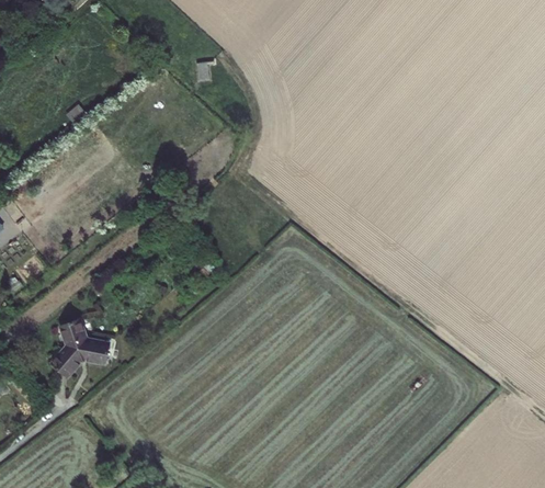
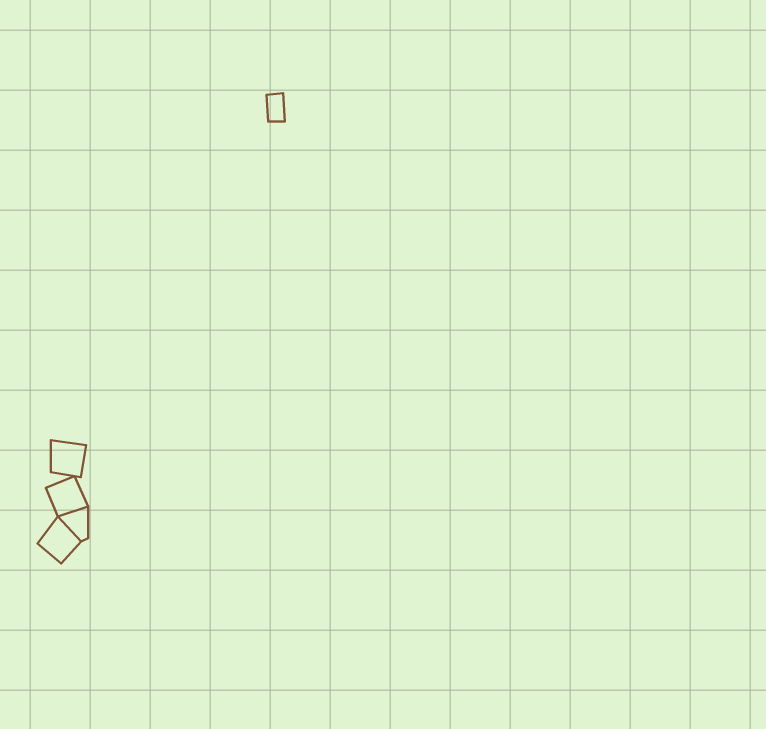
building: [84,337,107,361] -> [51,440,86,477]

